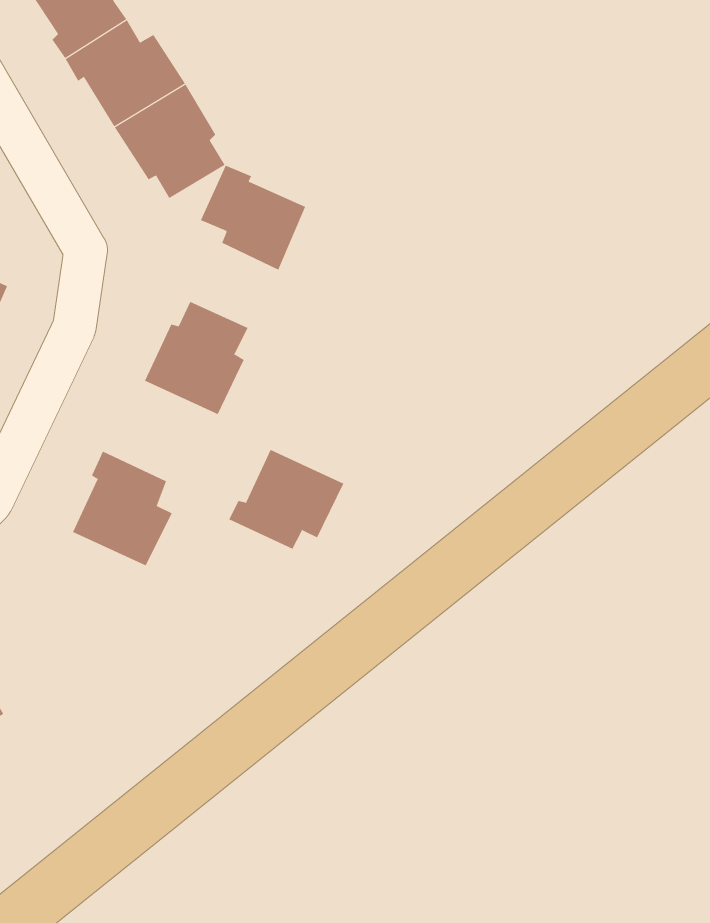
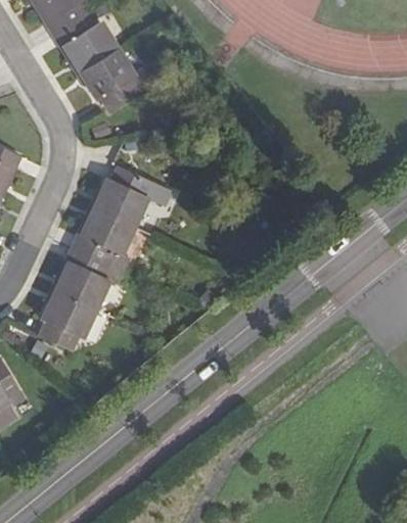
building: [200,165,306,270] -> none
building: [229,449,344,550] -> [73,209,135,264]
building: none -> [39,291,96,350]

